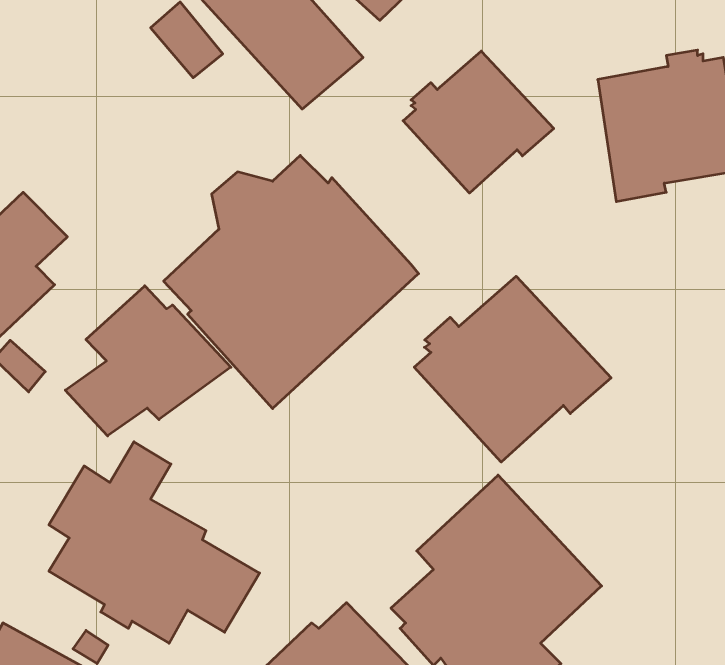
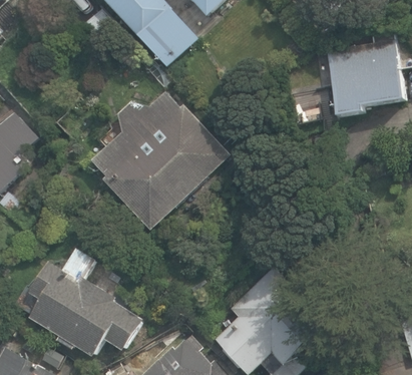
building: [403,51,554,193] -> none
building: [414,276,611,462] -> none
building: [65,286,231,436] -> none

